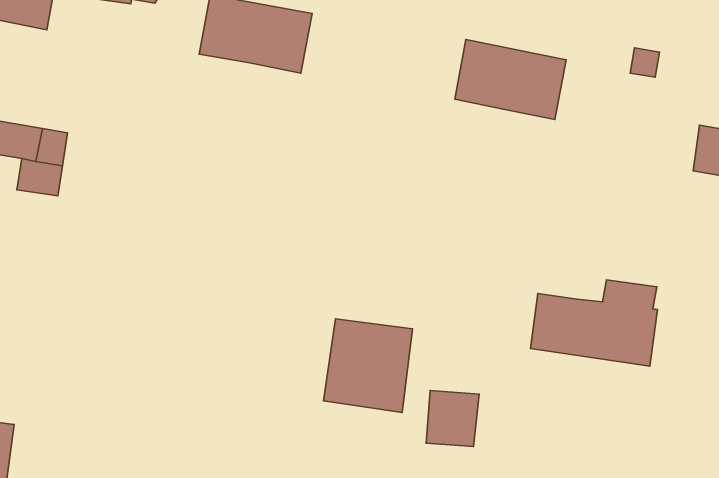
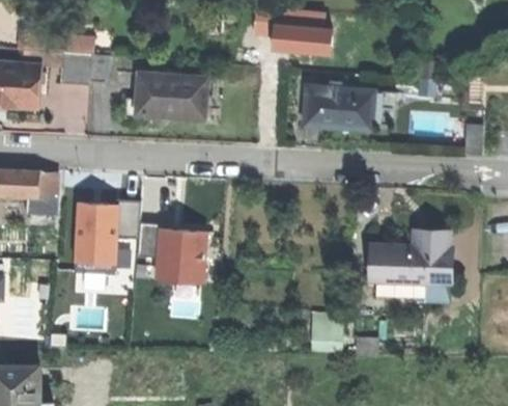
building: none -> [69,200,136,266]
building: [323,319,413,412] -> [150,226,203,282]

